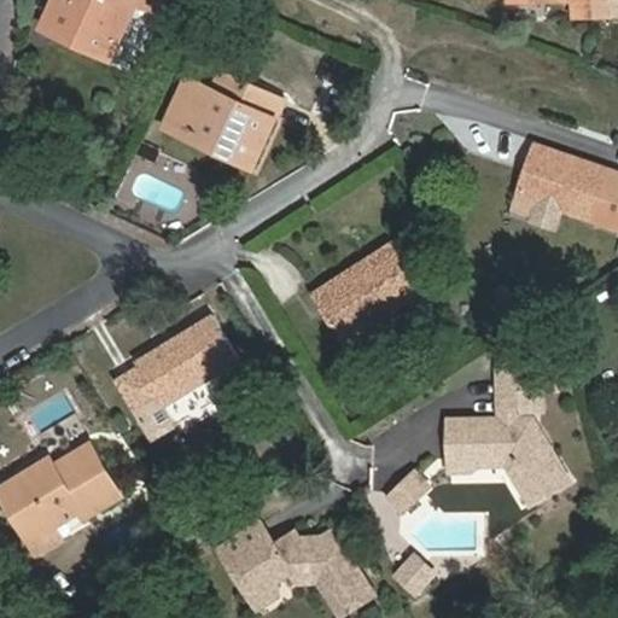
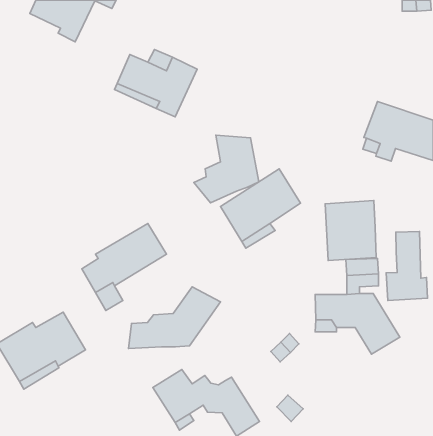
building: none -> [194,135,259,203]
building: none -> [325,201,376,260]
building: none -> [386,231,427,300]
building: none -> [129,287,221,349]

